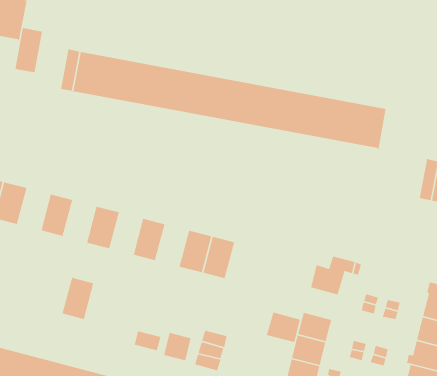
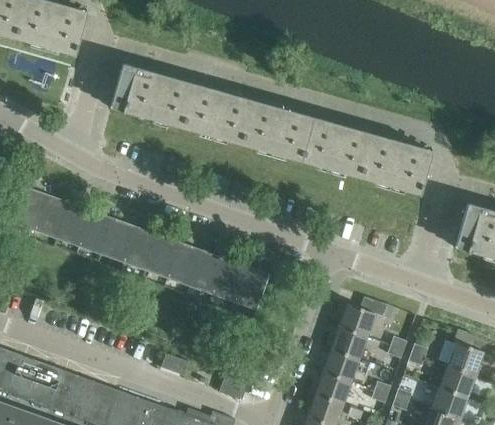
building: [14,27,43,73] -> none
building: none -> [57,202,92,246]
building: none -> [146,234,181,278]
building: none -> [190,250,225,294]
building: [62,277,94,320] -> [101,218,136,262]
building: [266,312,301,343] -> [331,326,367,359]
building: [163,332,192,361] -> none

